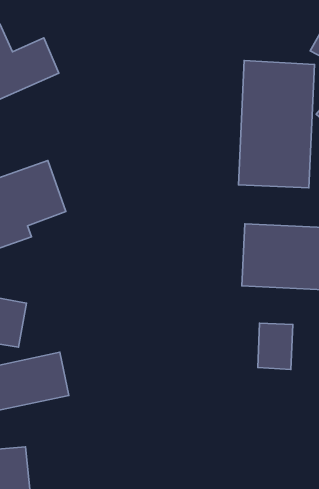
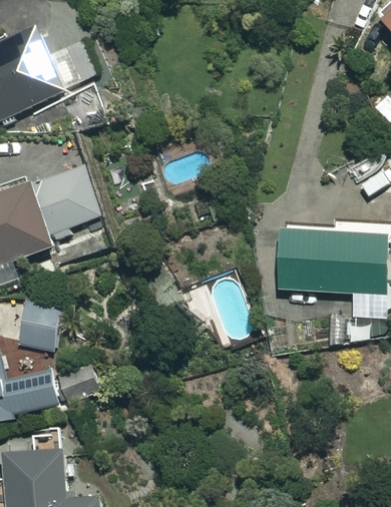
building: [238,60,314,188] -> none
building: [258,323,293,370] -> none

